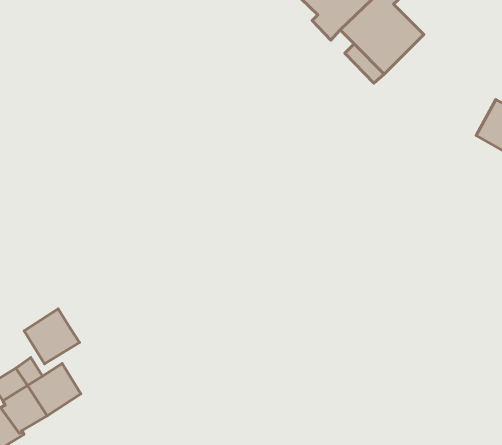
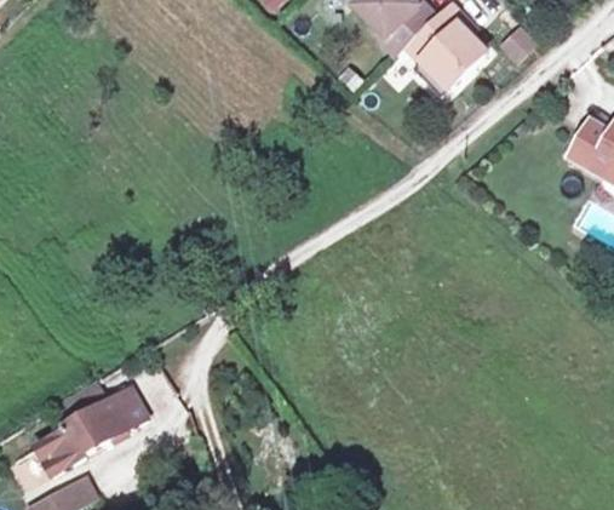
building: [24,309,79,364] -> none

